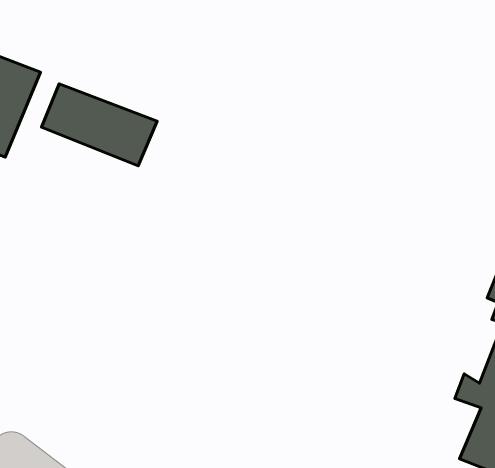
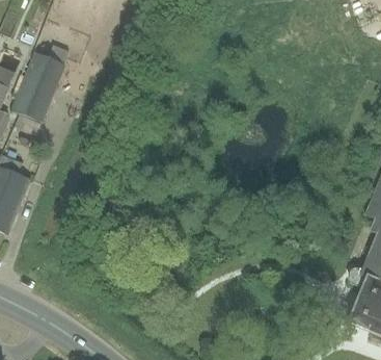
building: [41,84,157,166] -> none

